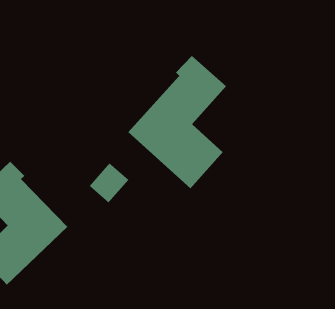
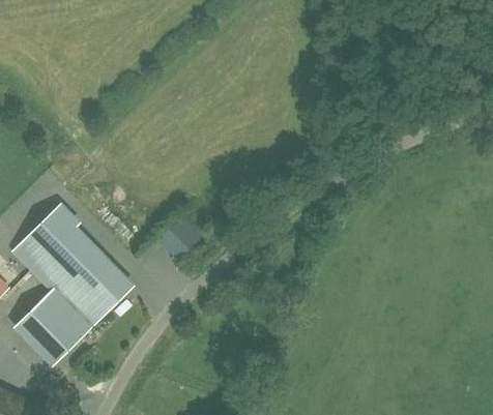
building: [127,55,227,189] -> none

